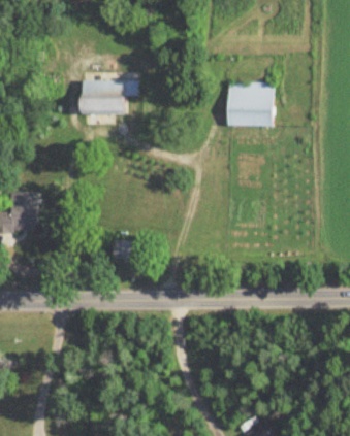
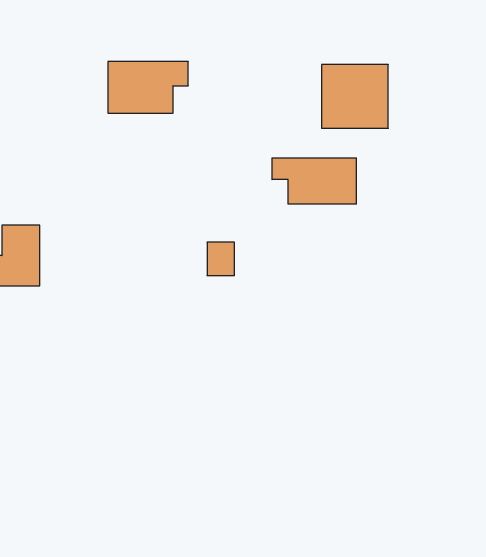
building: none -> [272,158,356,204]
building: [109,240,128,263] -> [207,242,234,276]

